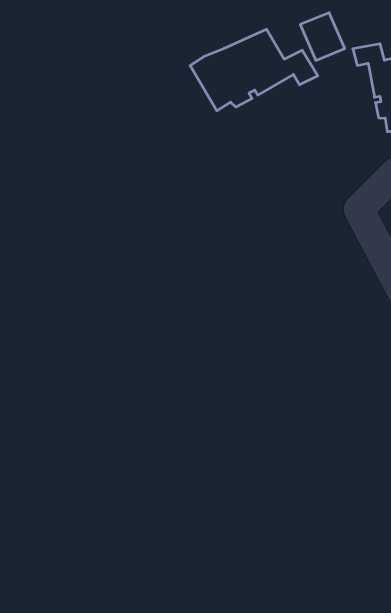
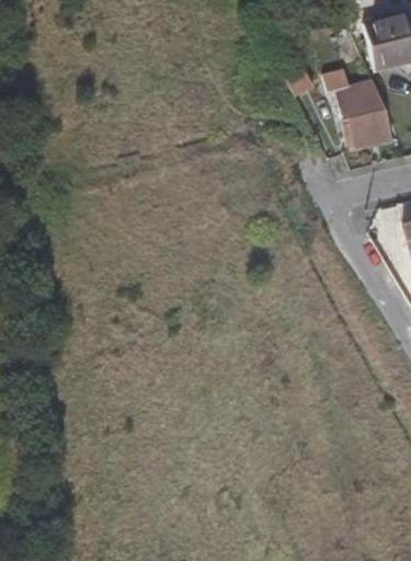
building: [190,29,318,111] -> none

